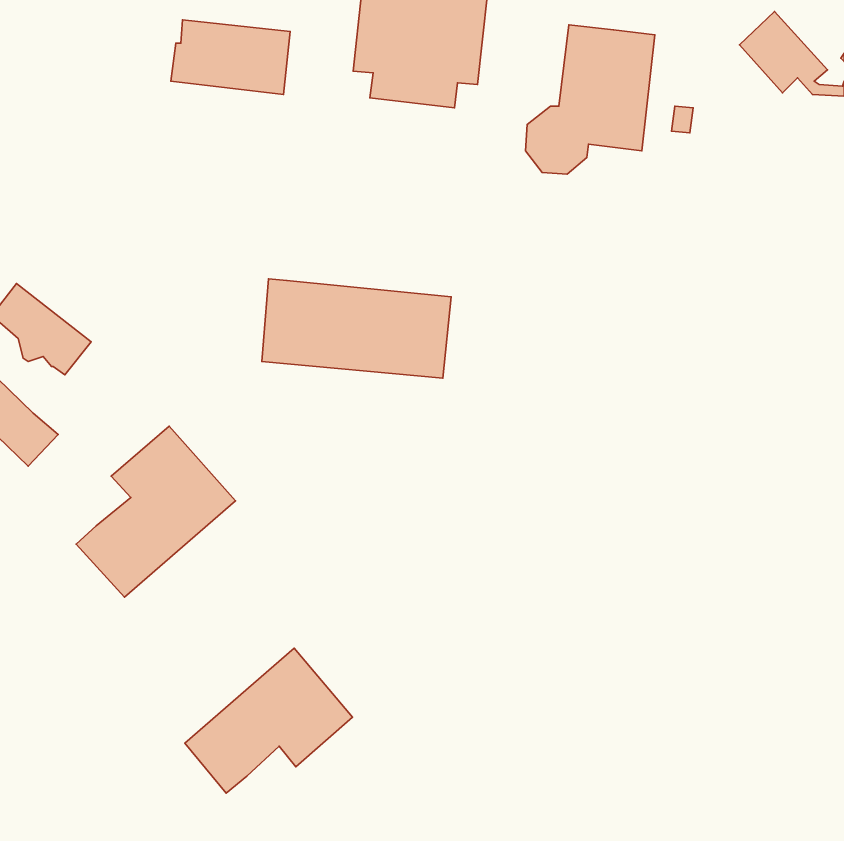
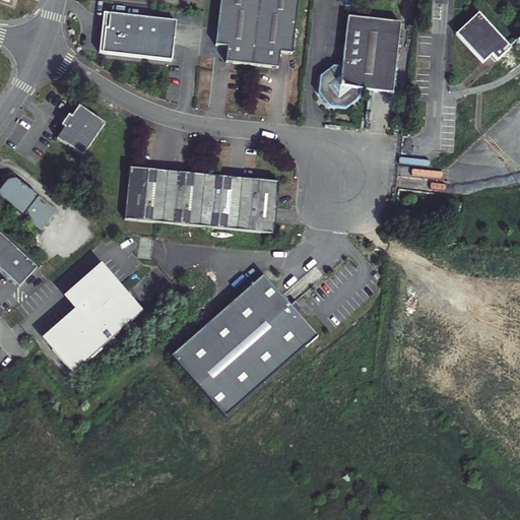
building: none -> [57,103,104,151]
building: none -> [122,167,165,221]
building: none -> [169,273,315,415]
building: [185,648,352,793] -> none

